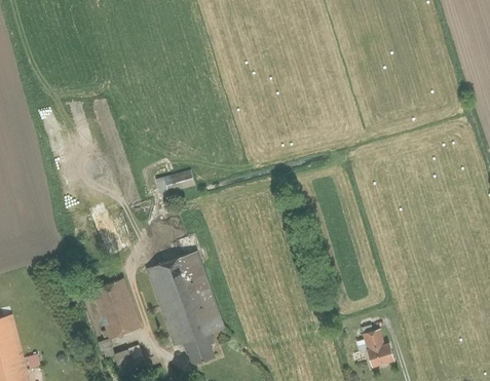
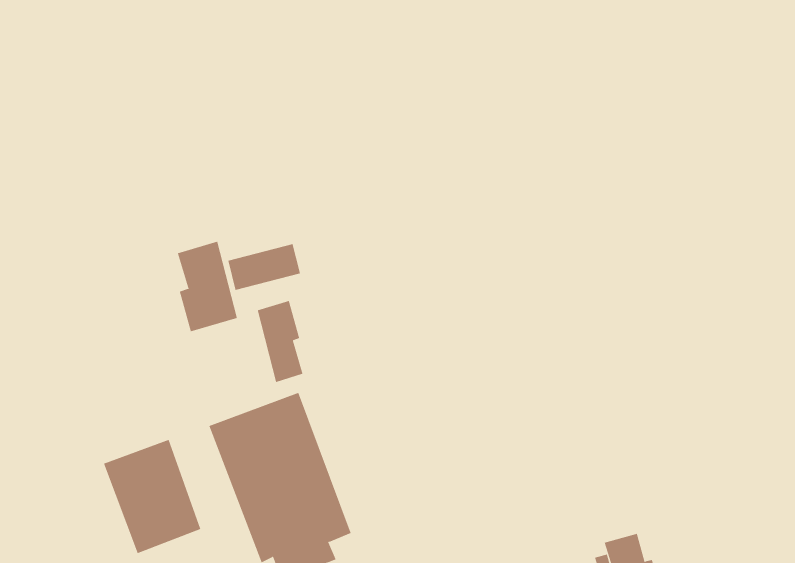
building: none -> [177,241,237,332]
building: none -> [257,300,303,383]

